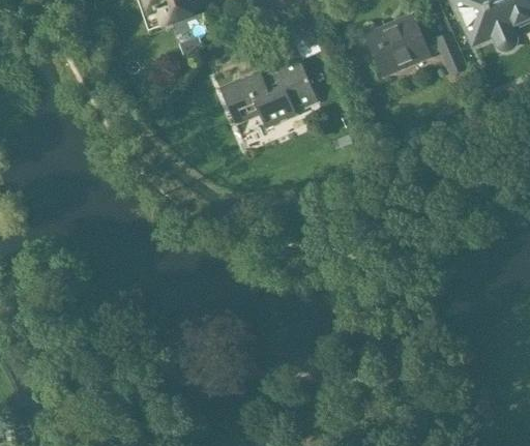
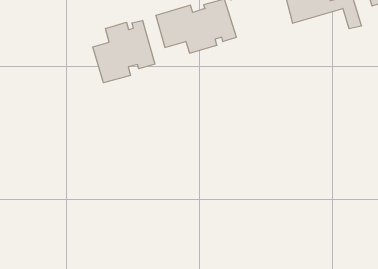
building: none -> [93,20,155,83]

